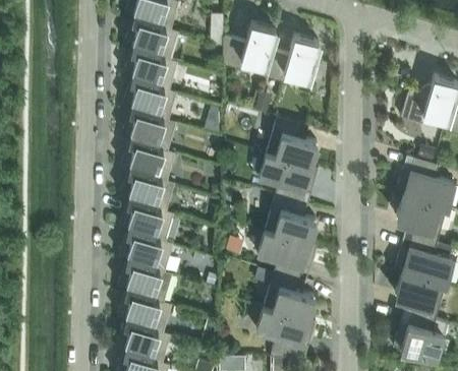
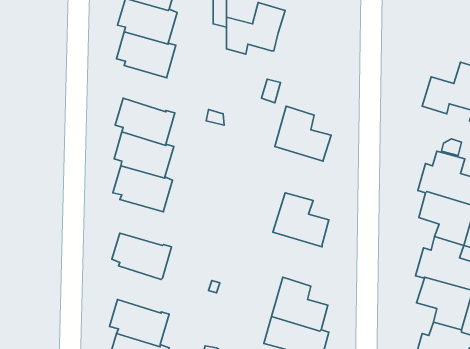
building: [261,36,320,82] -> none
building: [122,80,177,122] -> none
building: [260,153,319,202] -> none
building: [119,201,174,243] -> none
building: [257,231,317,280] -> none
building: [118,261,172,304] -> none

